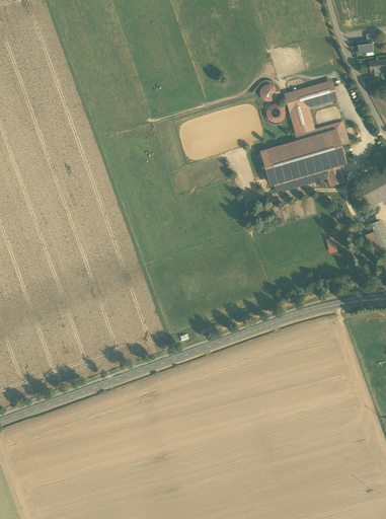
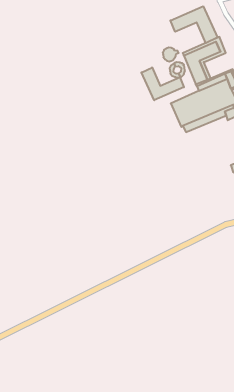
building: none -> [170,6,218,43]
building: none -> [141,67,184,100]

